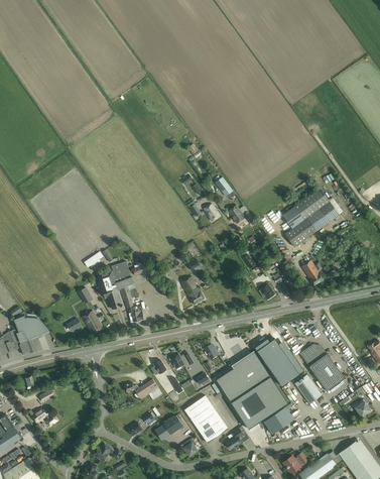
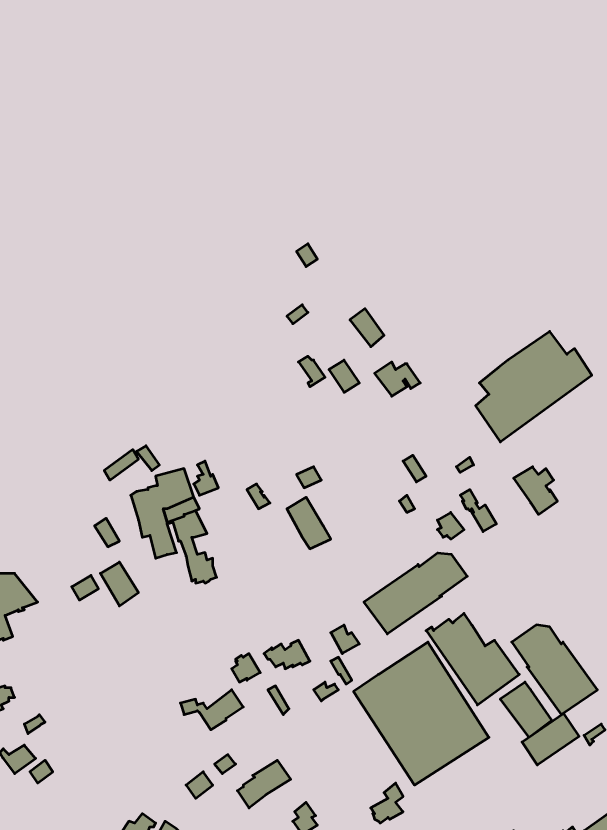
building: none -> [364,553,467,634]
building: [184,395,229,443] -> none
building: [263,406,293,434] -> [522,713,579,765]

